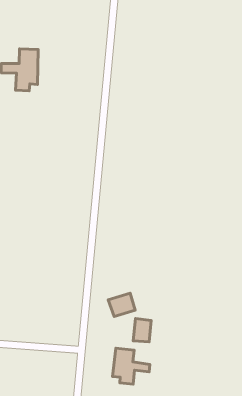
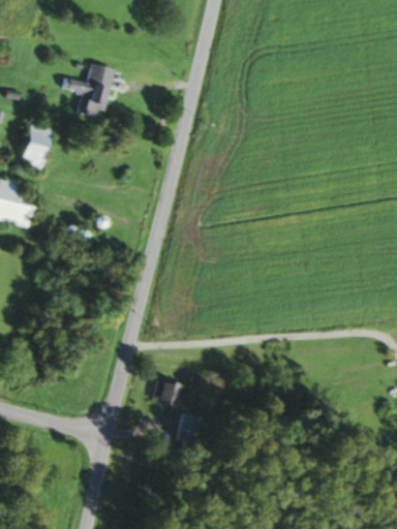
building: [113,348,150,384] -> none

